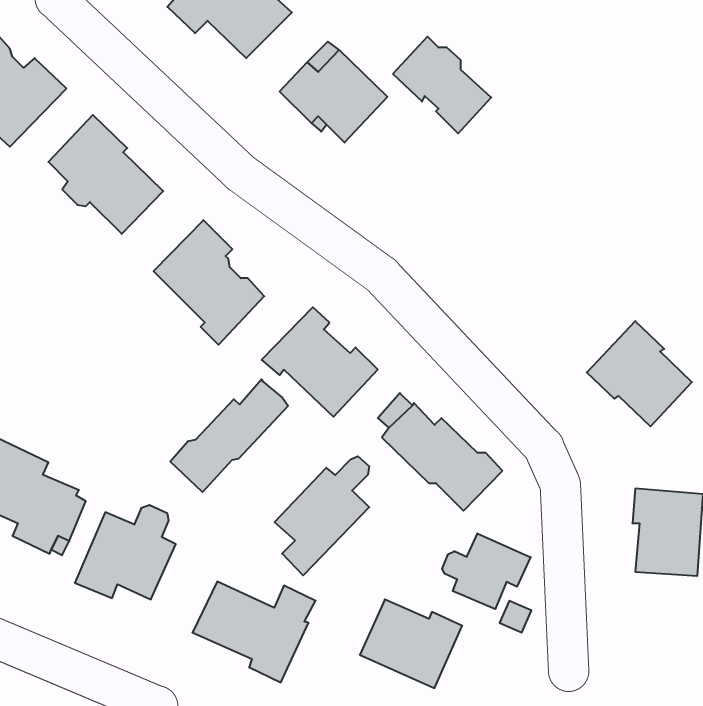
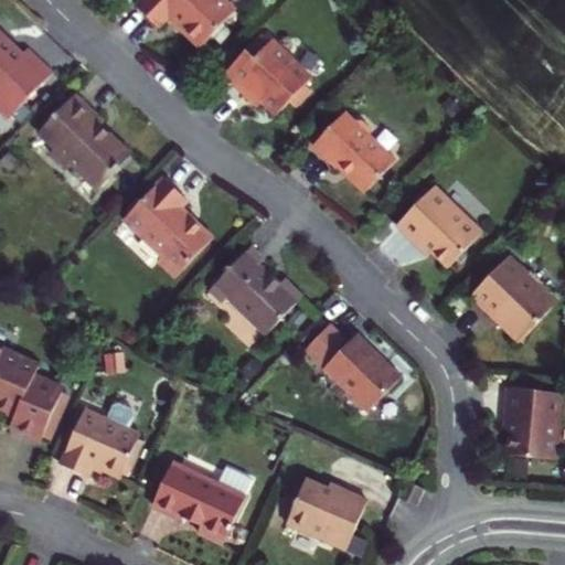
building: [393,37,491,133] -> [312,115,391,192]
building: none -> [395,186,481,268]
building: [170,379,288,492] -> none
building: [275,456,369,575] -> none
building: [442,533,531,609] -> none

